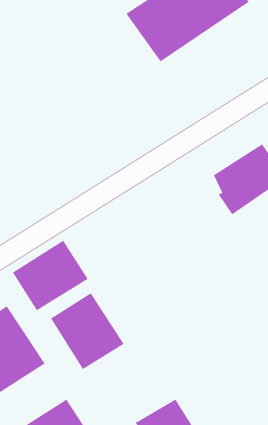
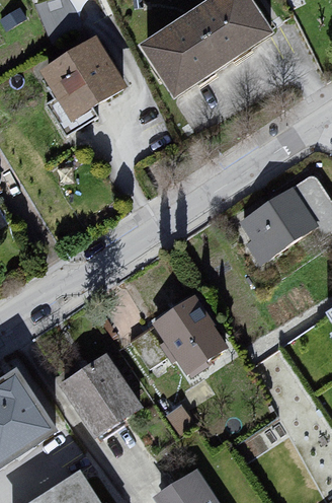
building: none -> [40,41,129,126]
building: [12,240,89,311] -> none
building: none -> [154,296,226,371]

